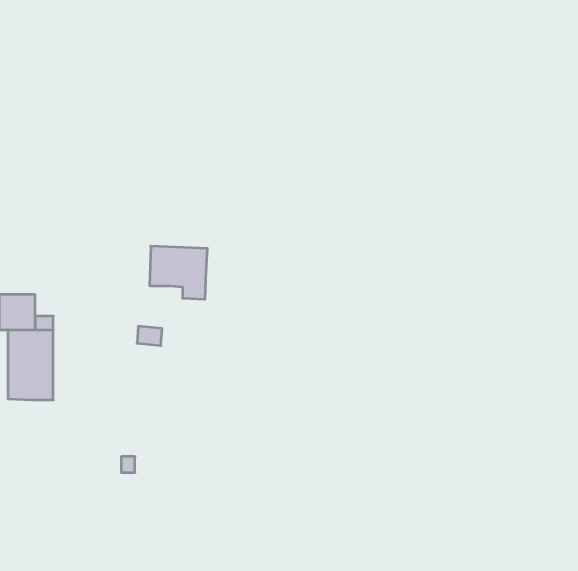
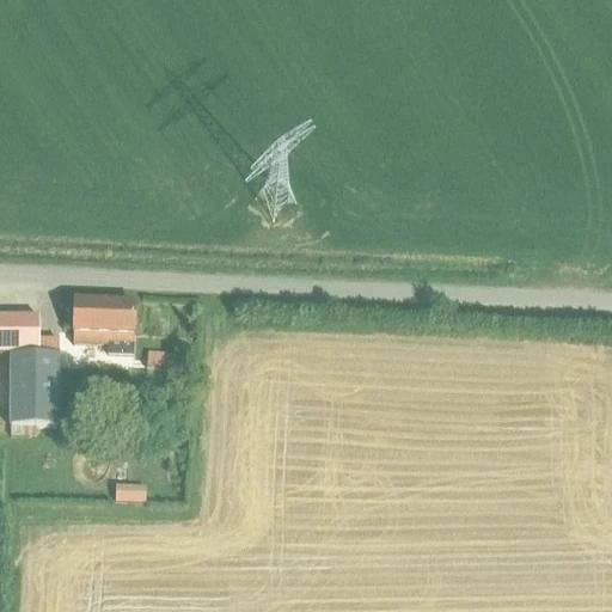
building: [150,246,207,299] -> [71,295,131,351]

